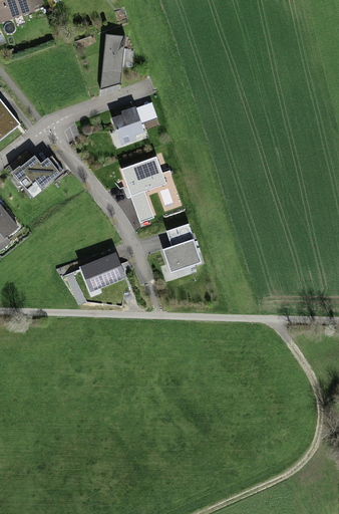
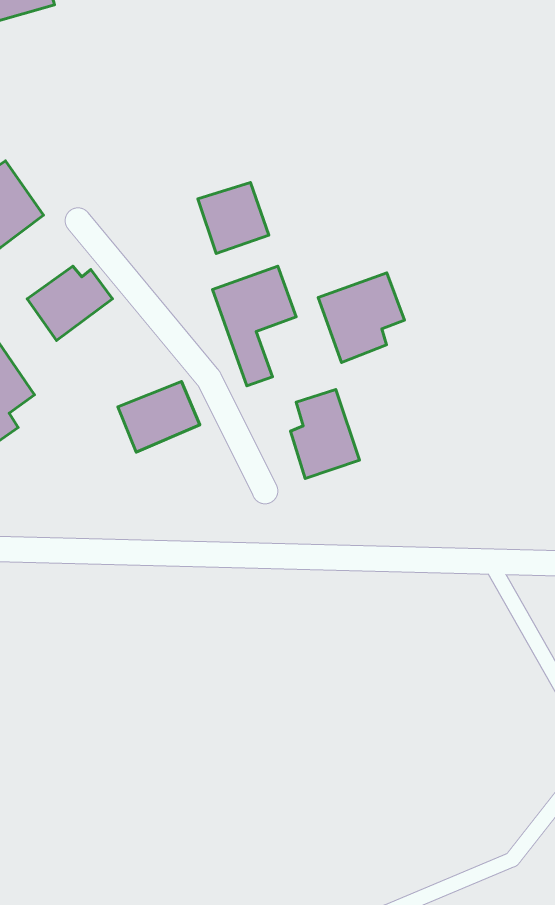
building: [94,33,127,90] -> none
building: none -> [318,273,404,362]
building: [78,252,123,291] -> [118,381,200,452]

